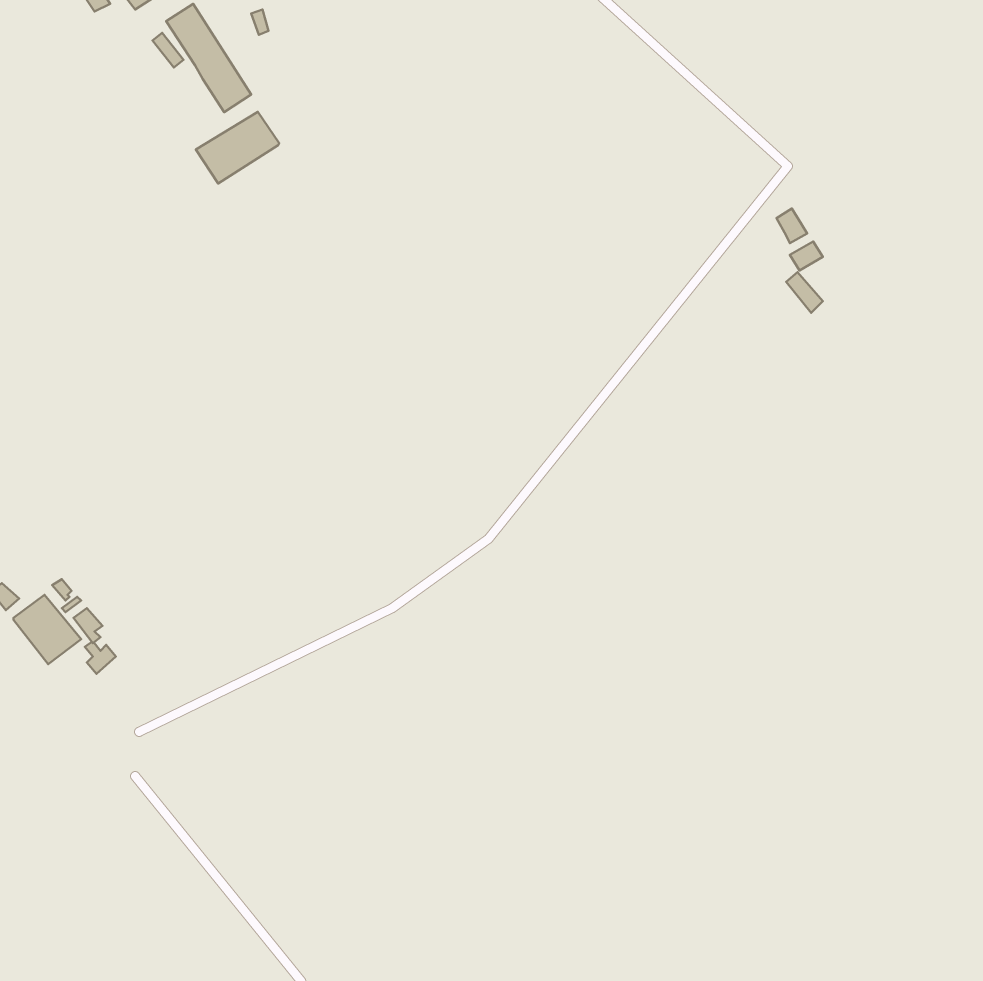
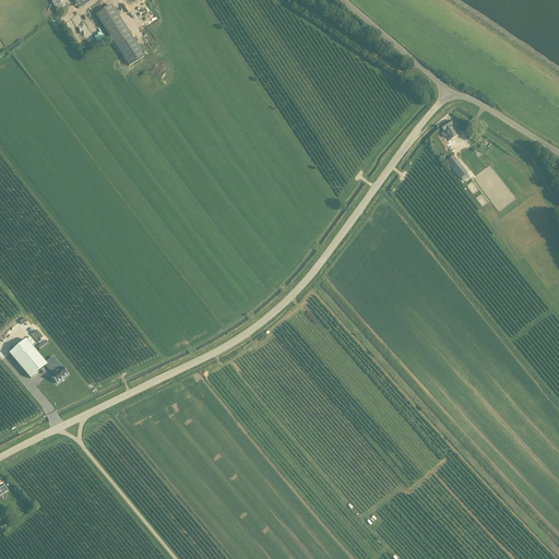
building: [196,112,279,184] -> none

